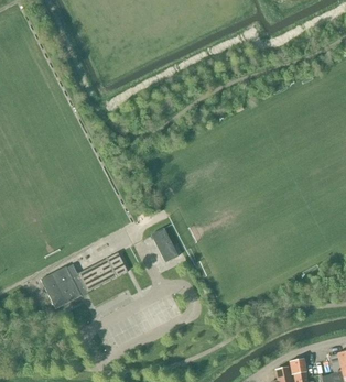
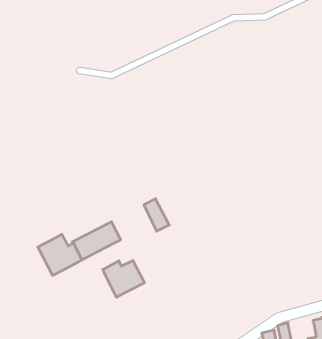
building: none -> [103,260,144,297]

